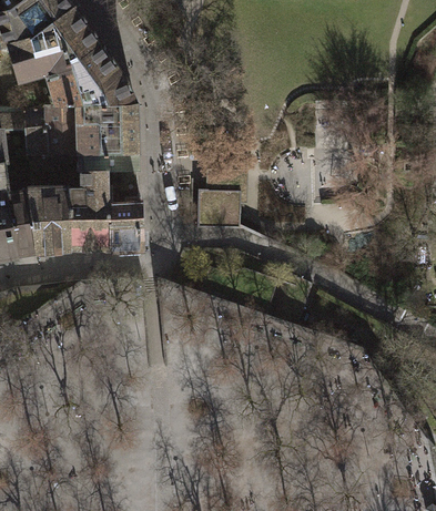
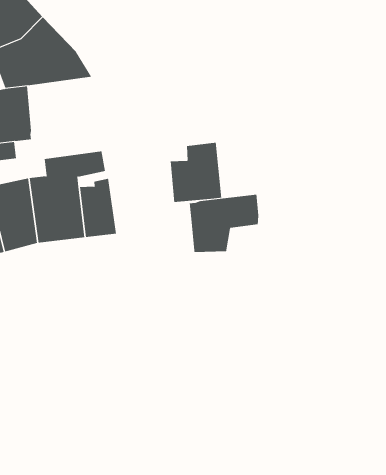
building: [75,105,138,174] -> none
building: none -> [189,194,259,253]

